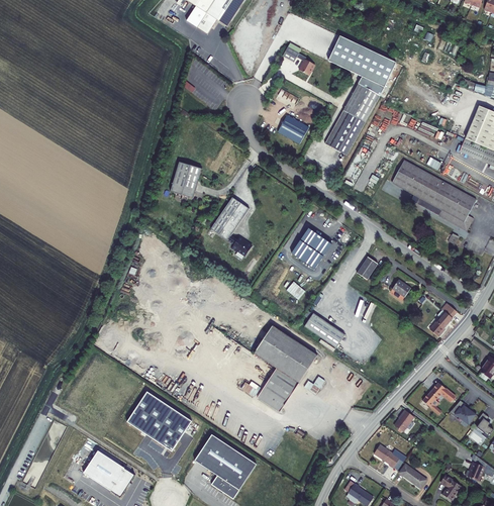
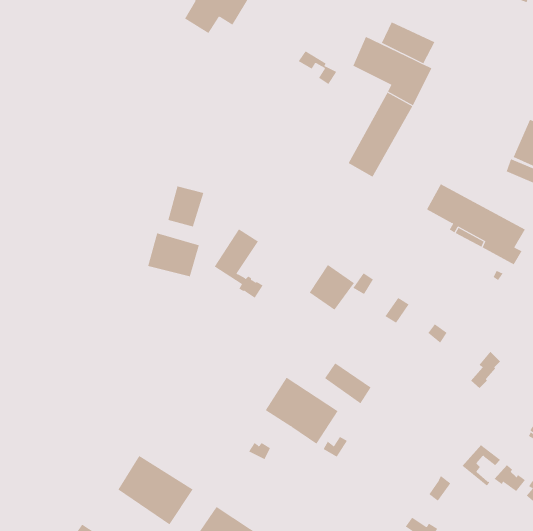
building: none -> [381,22,435,64]
building: [277,115,308,143] -> none
building: none -> [148,232,199,277]
building: [257,367,298,411] -> none

